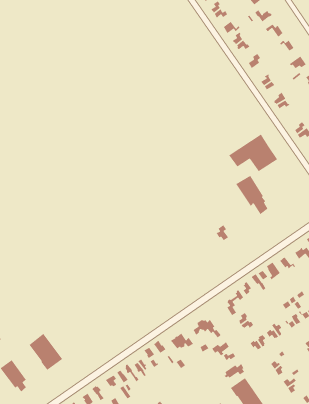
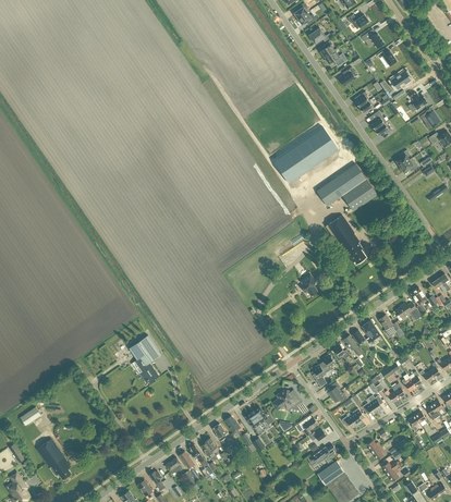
building: none -> [275,126,339,182]
building: none -> [127,334,160,383]
building: [28,333,63,371] -> none

